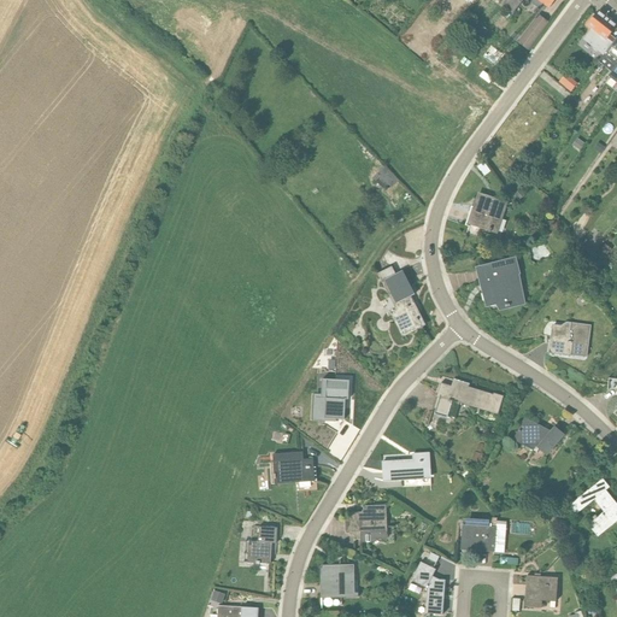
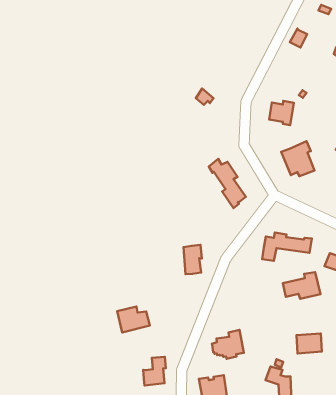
building: [272,449,315,482] -> [117,307,150,332]
building: [382,452,431,486] -> [283,272,320,299]

